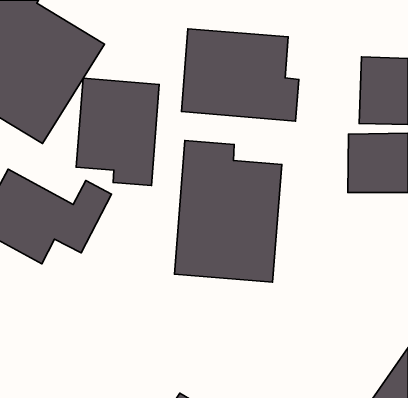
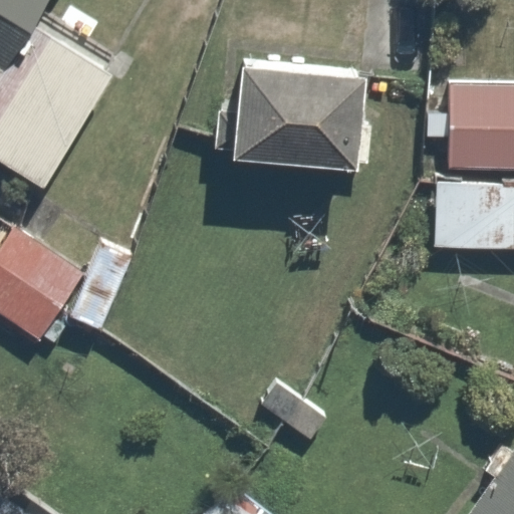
building: [76,78,159,186] -> none
building: [175,140,282,282] -> none

